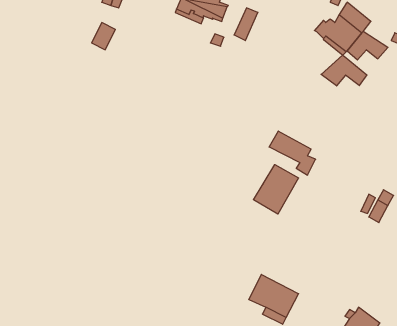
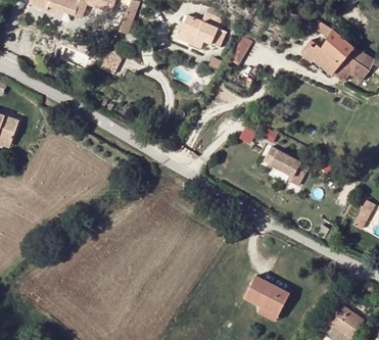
building: [321,55,367,86] -> none
building: [253,165,299,214] -> none

